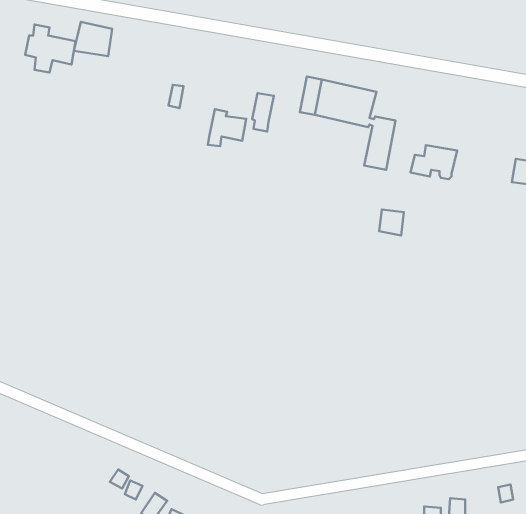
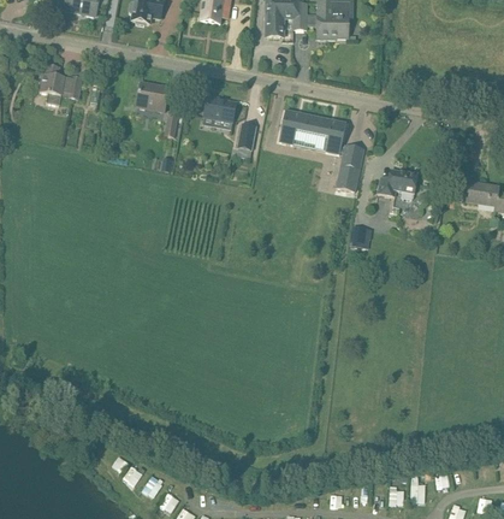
building: [74,22,112,56] -> [135,82,168,112]
building: [208,109,246,146] -> [202,94,236,126]

